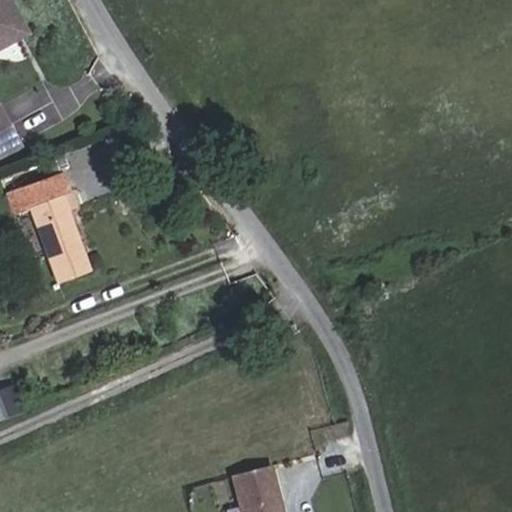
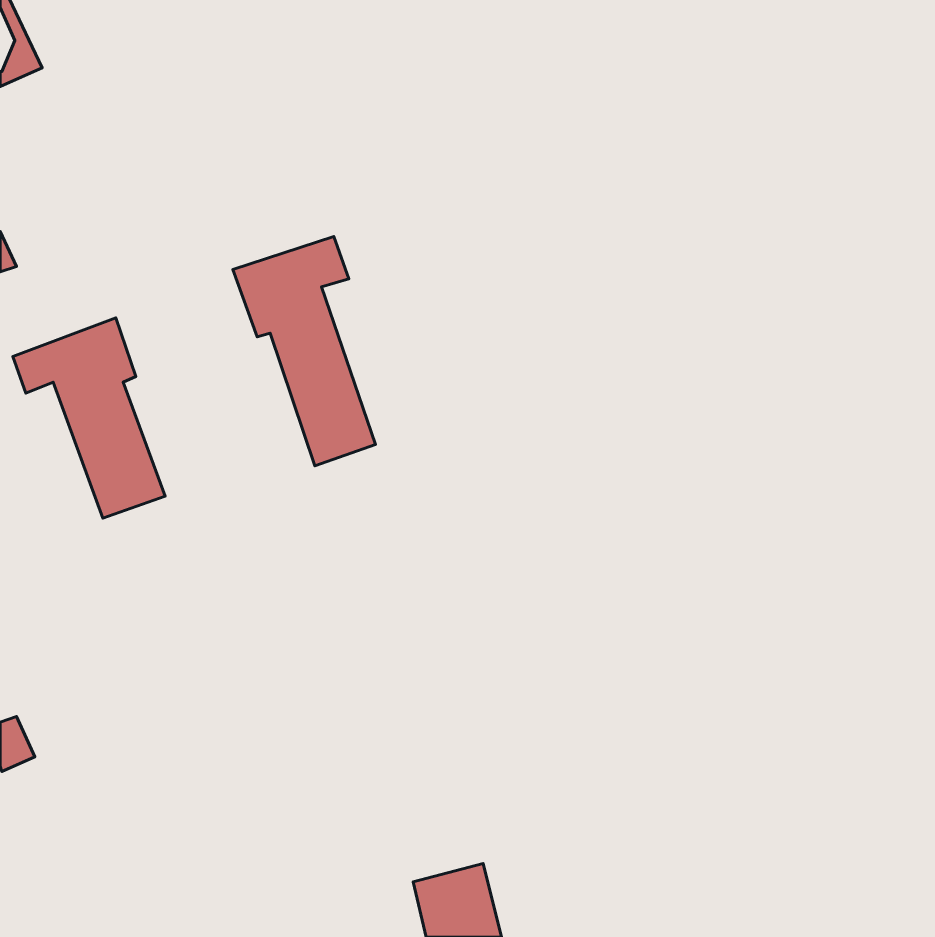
building: none -> [233,237,375,466]

